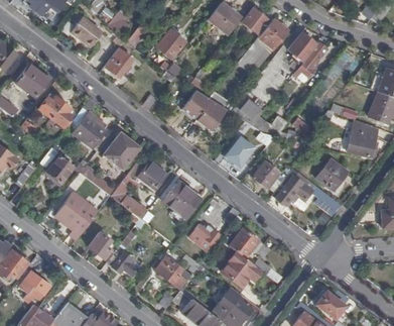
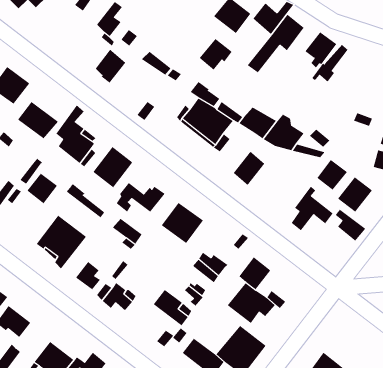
building: [71,16,103,45] -> none
building: [157,29,186,58] -> [199,38,233,71]
building: [253,160,280,188] -> [317,159,348,191]
building: [315,290,346,318] -> none

